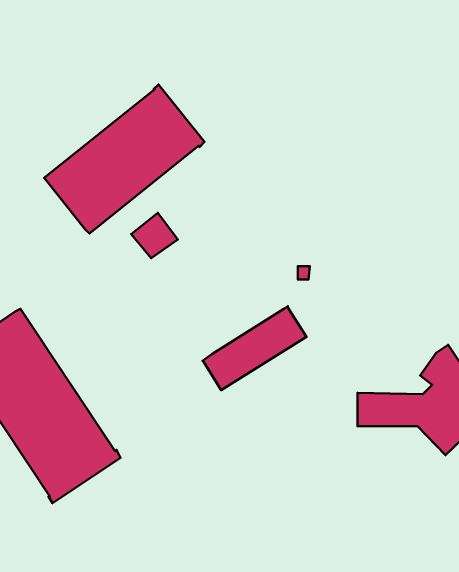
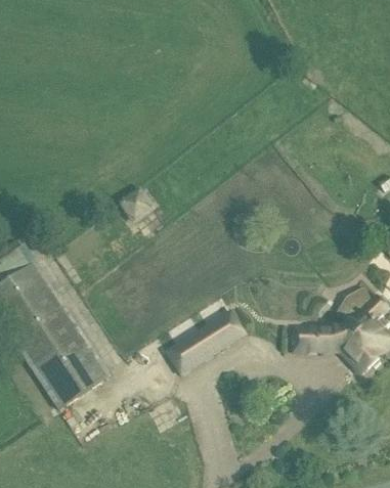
building: [44,85,204,234] -> none
building: [203,306,307,390] -> [167,309,247,373]

